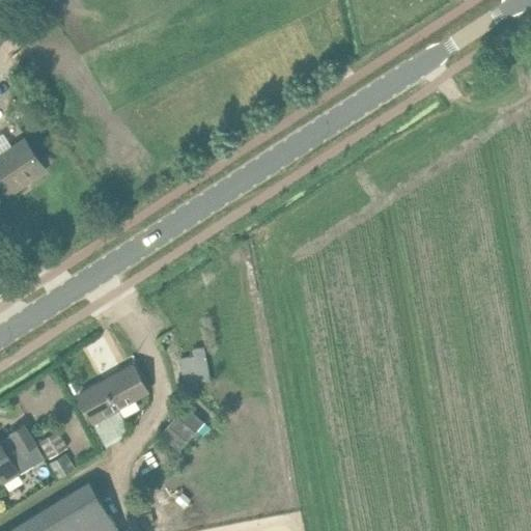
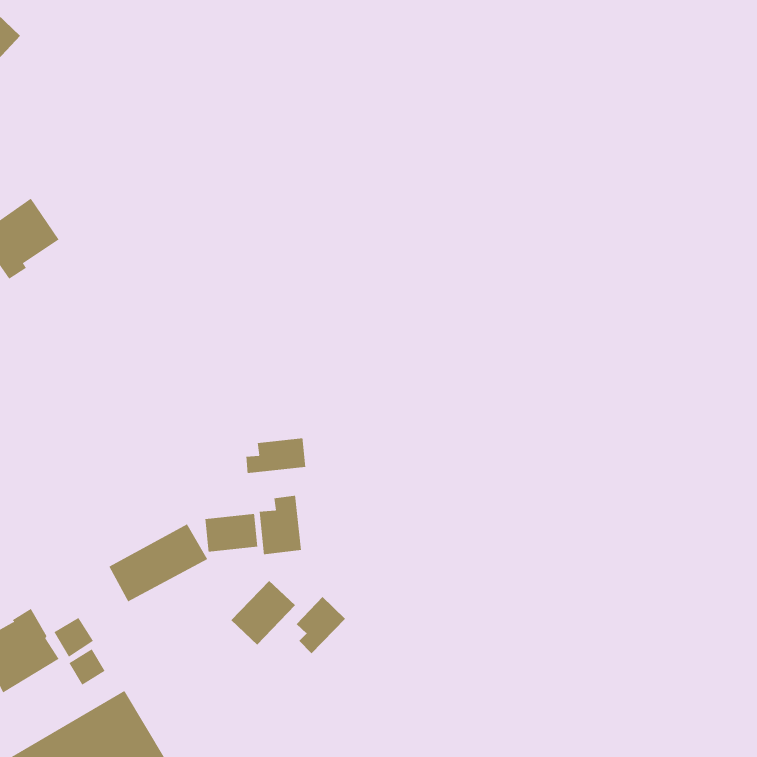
building: none -> [246,437,306,474]
building: none -> [205,513,258,552]
building: none -> [296,596,346,654]

